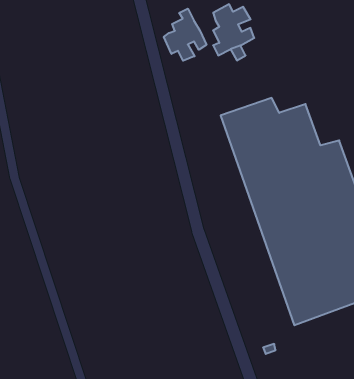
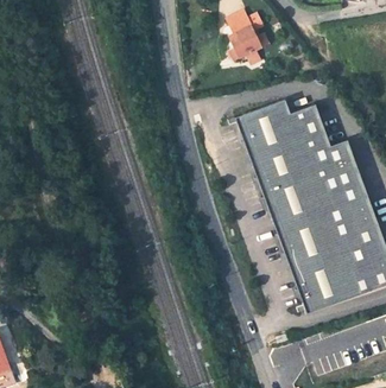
building: [164,9,206,61] -> none

